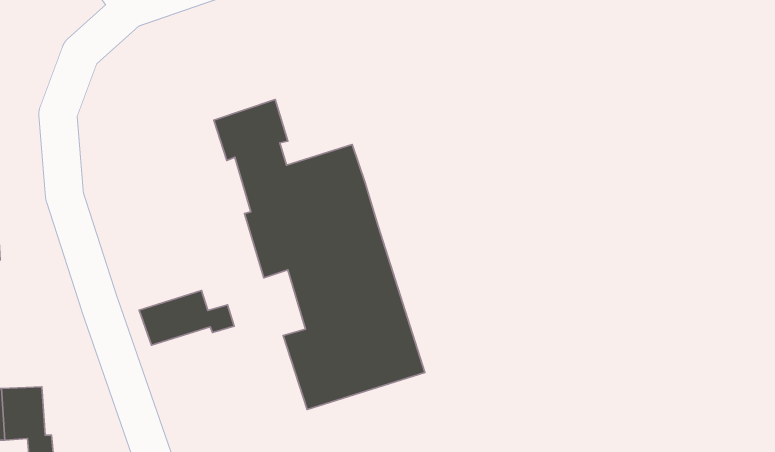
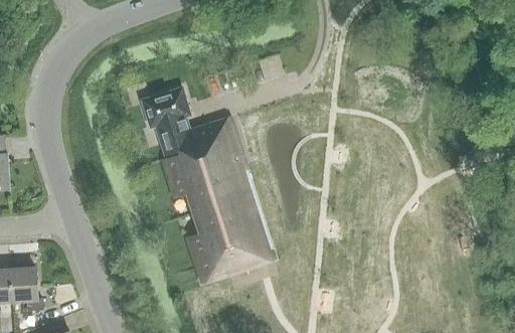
building: [139,290,234,345] -> none

